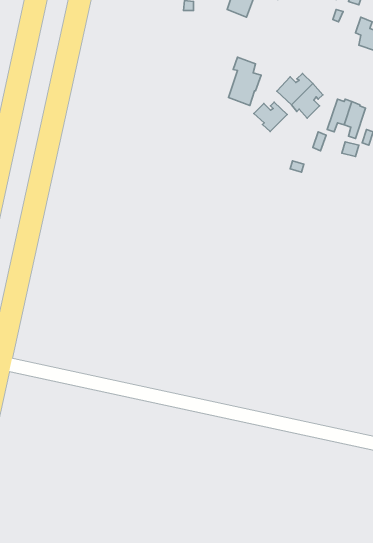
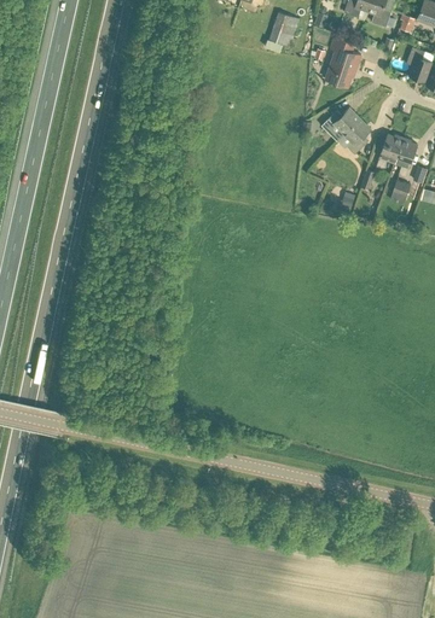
building: [229,57,261,105] -> [326,35,361,87]
building: [254,102,287,131] -> none

